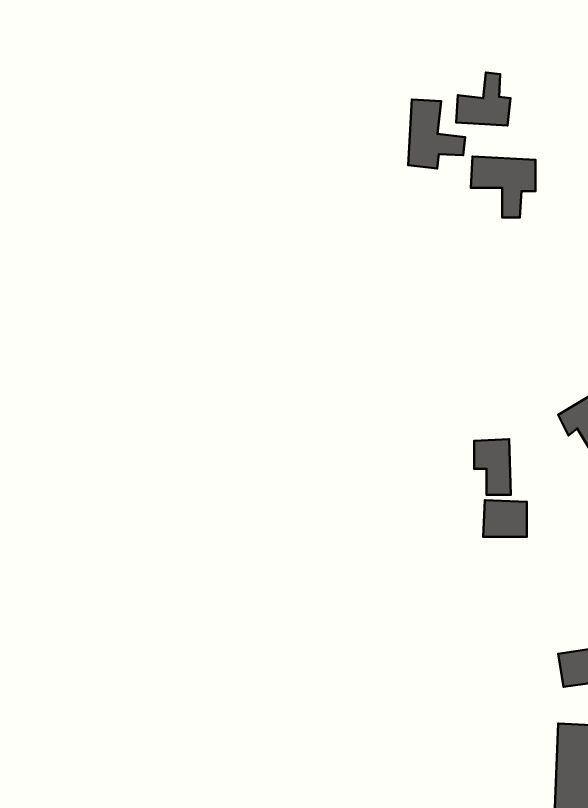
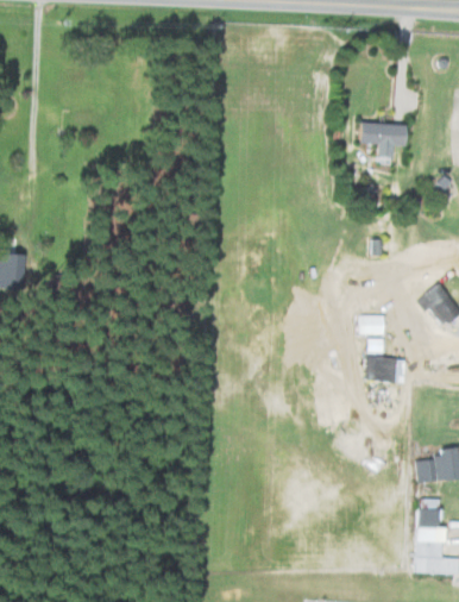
building: [456,72,510,125] -> none
building: [408,100,465,169] -> none

